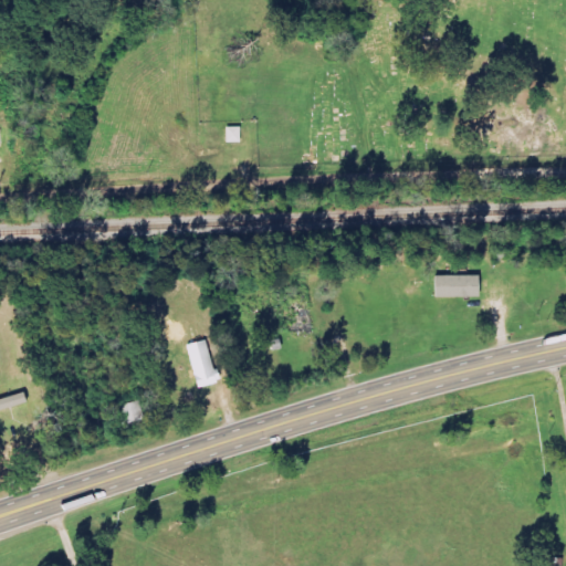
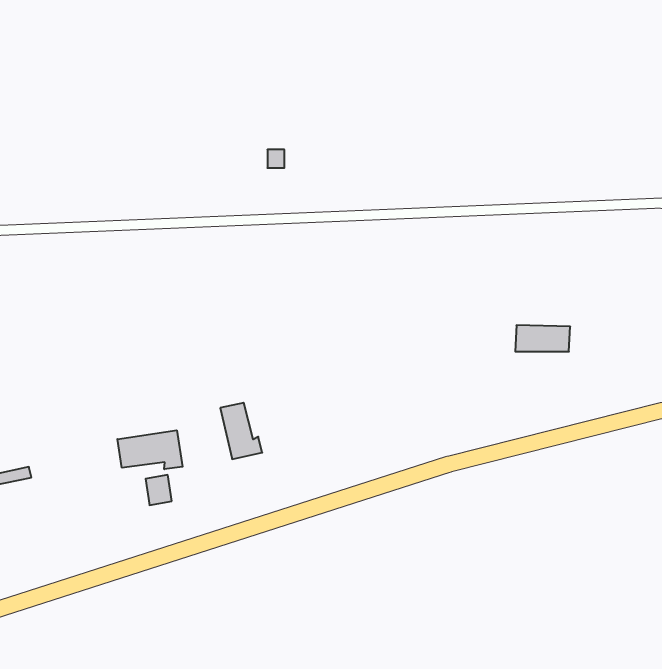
building: none -> [117,430,183,469]

